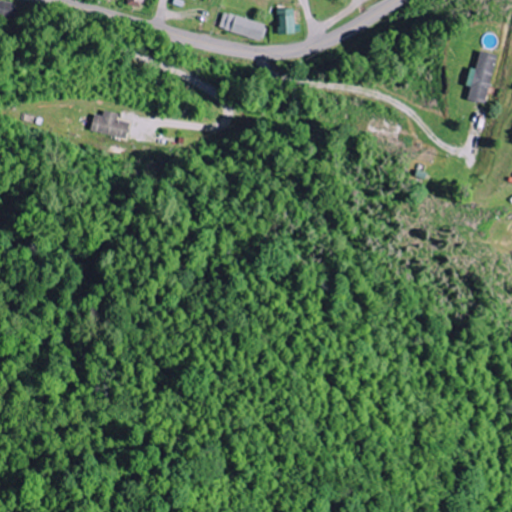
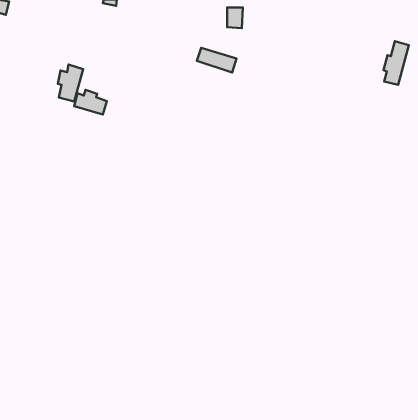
building: [218,11,266,41] -> [197,48,236,72]
building: none -> [58,65,83,101]

